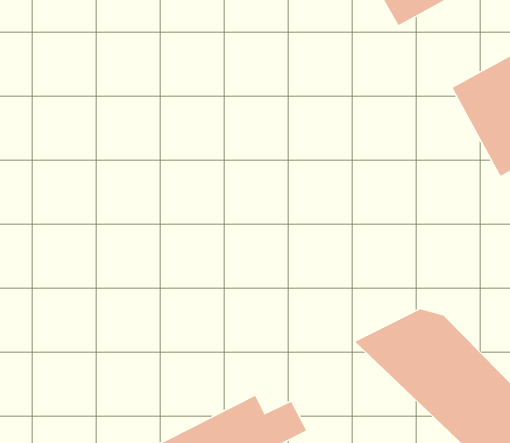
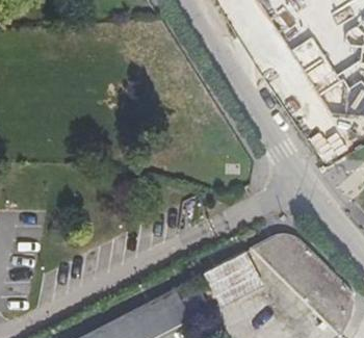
building: none -> [203,258,246,306]

